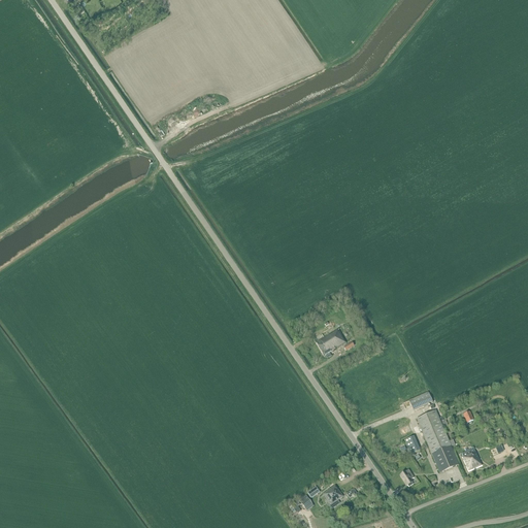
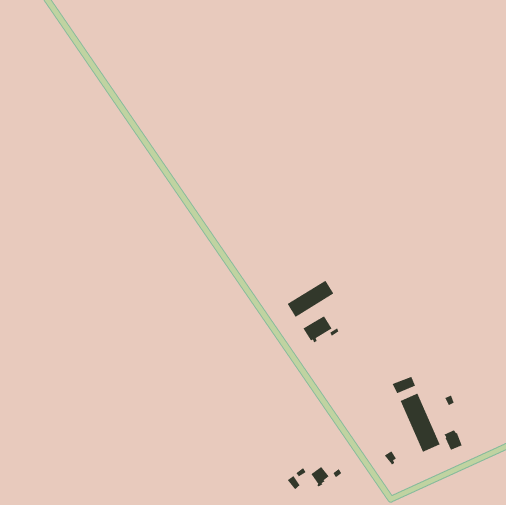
building: none -> [287,280,334,318]

